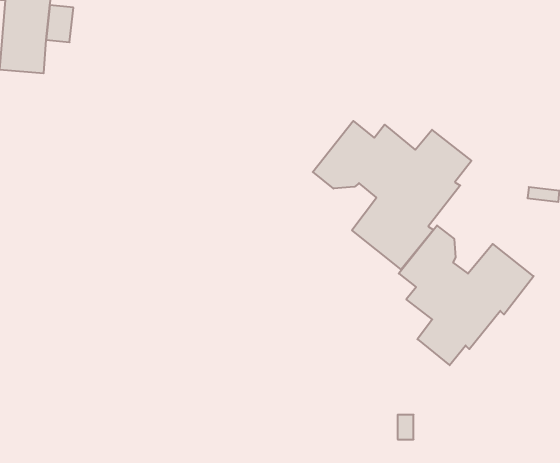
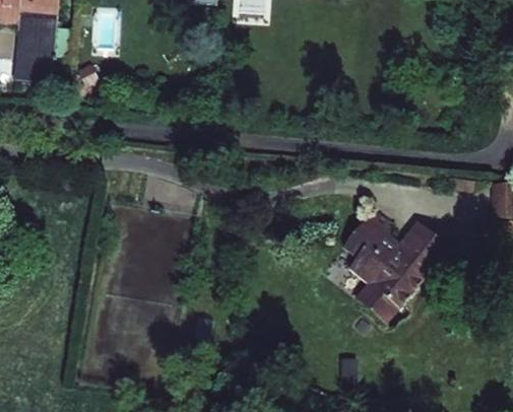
building: [313,121,471,270] -> none

